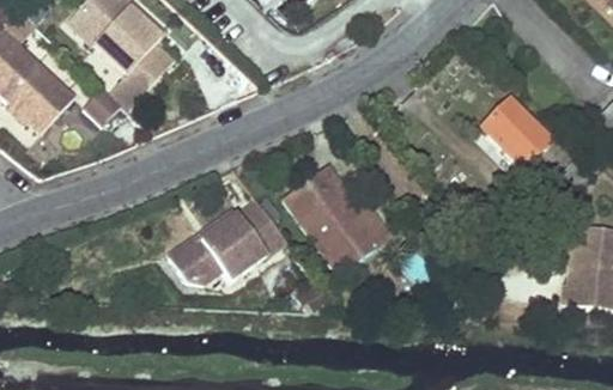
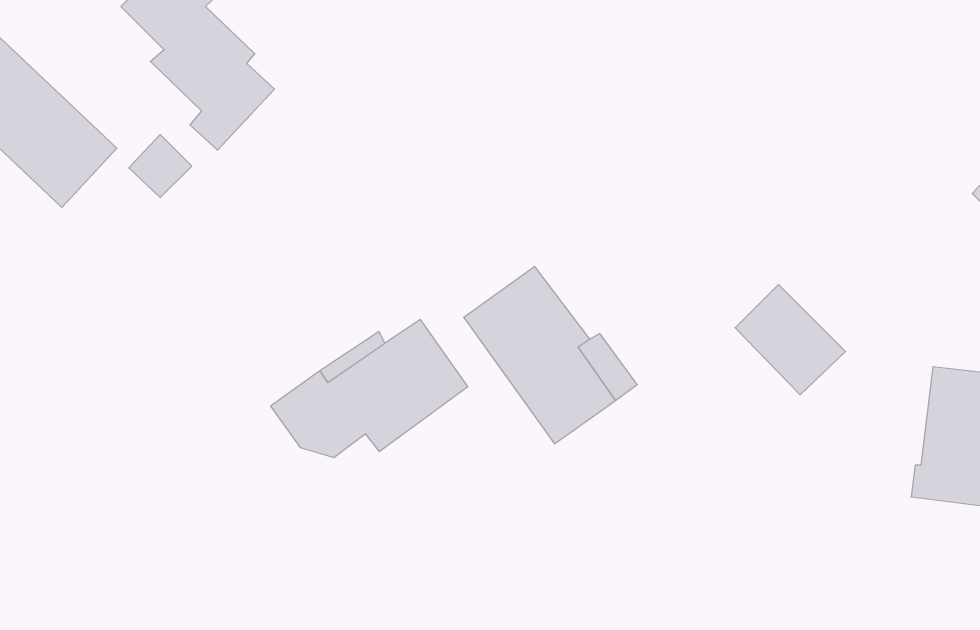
building: [484,99,551,166] -> [735,284,845,395]

